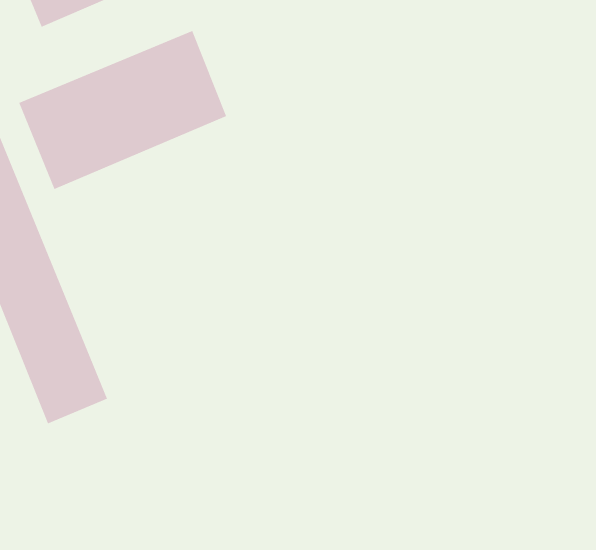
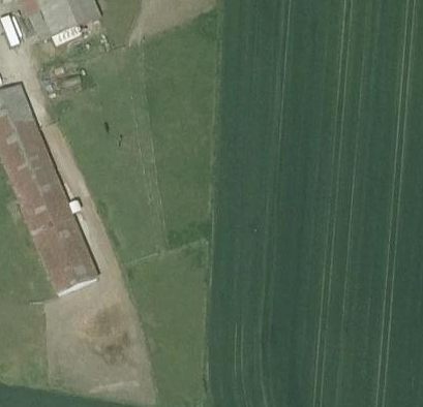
building: [18,30,227,190] -> none

